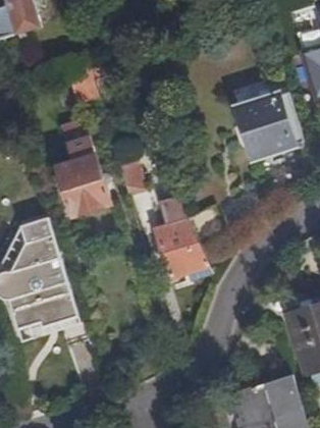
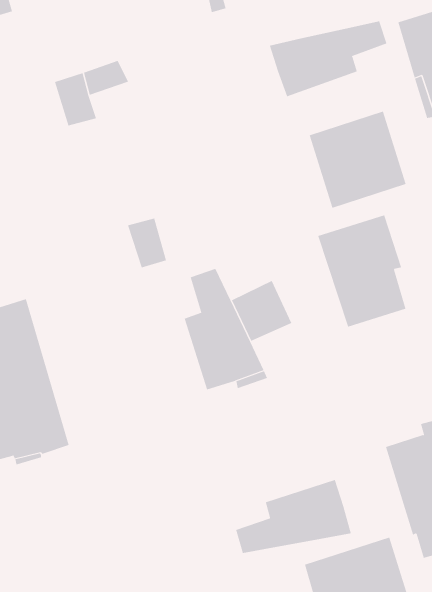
building: none -> [269,20,387,97]
building: [57,119,111,216] -> none
building: none -> [318,215,406,328]
building: none -> [235,479,352,554]

